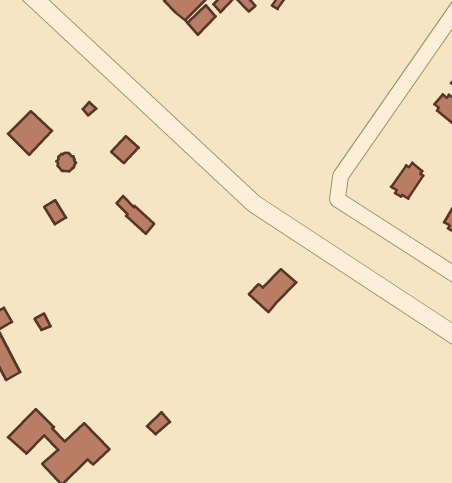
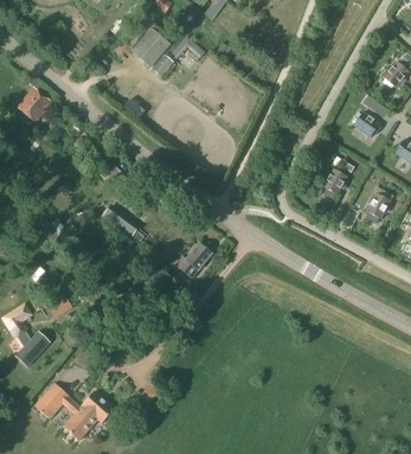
building: [8,111,52,155] -> [18,88,52,122]
building: [249,269,296,312] -> [175,244,212,279]

